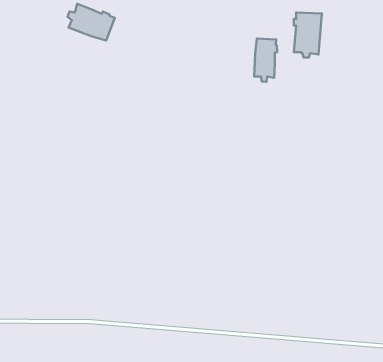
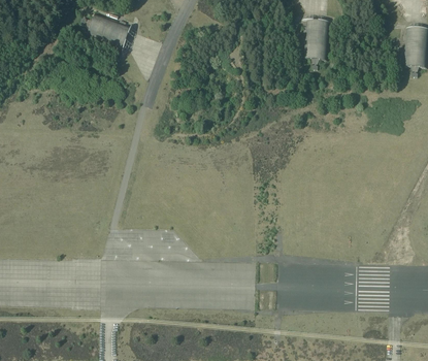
building: [254,39,277,82] -> none

